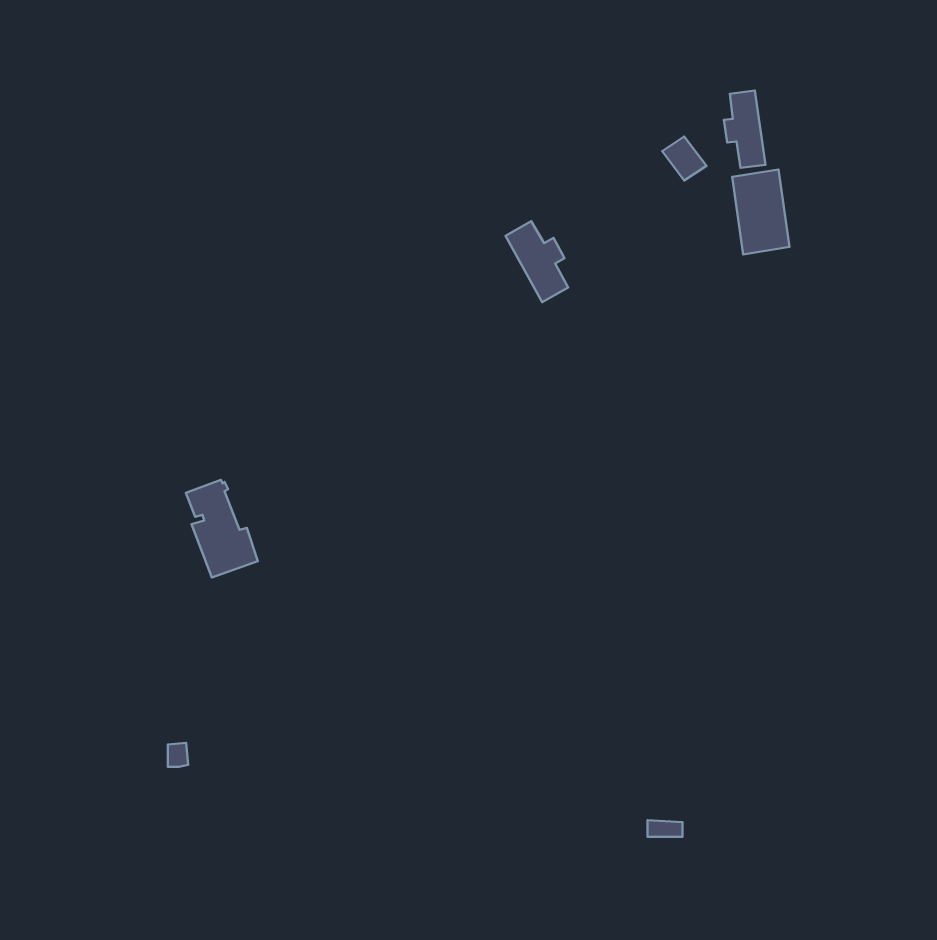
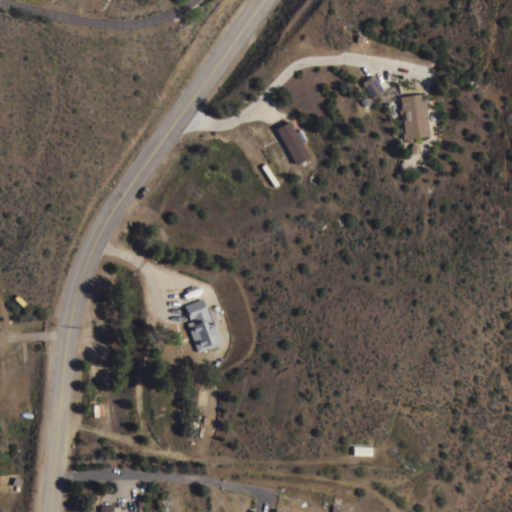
building: [724,91,765,168] -> none
building: [186,480,258,578] -> [185,299,224,352]

